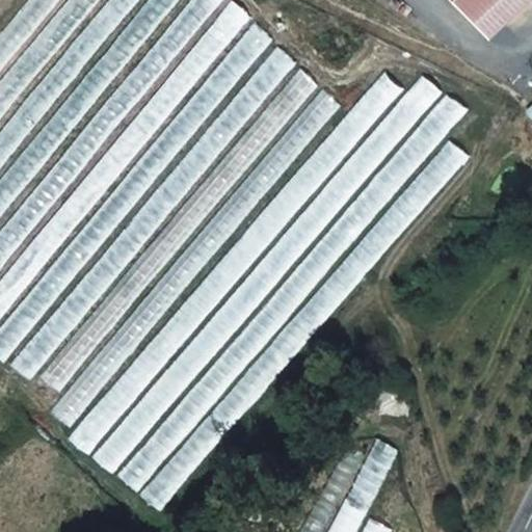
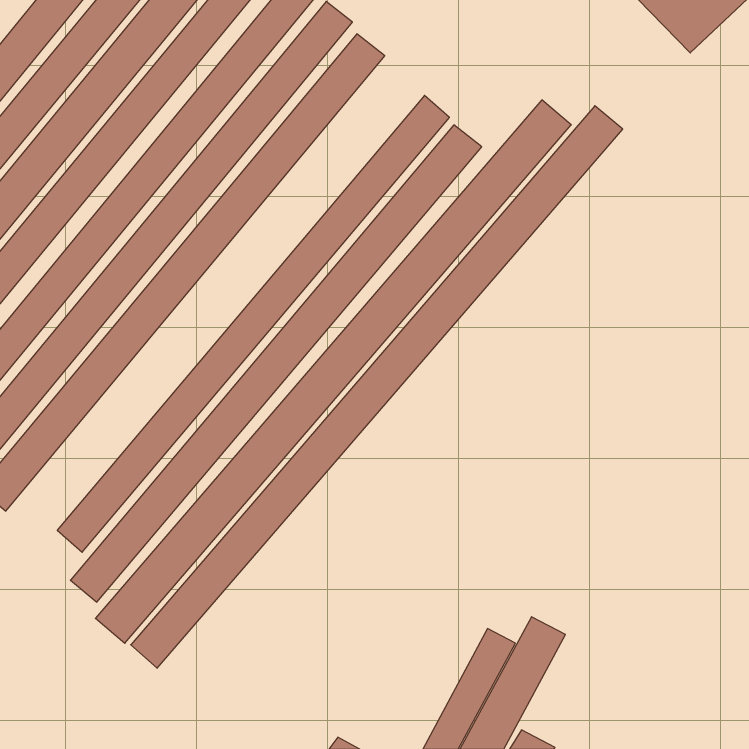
building: [9,46,296,379] -> none
building: [116,92,463,489] -> none
building: [139,138,469,511] -> none

